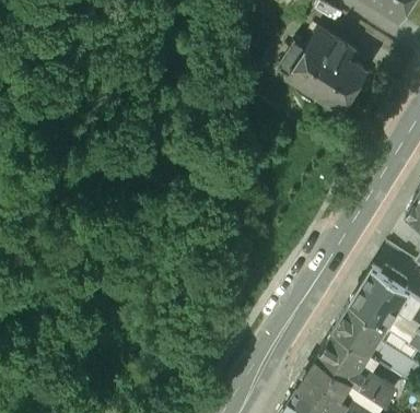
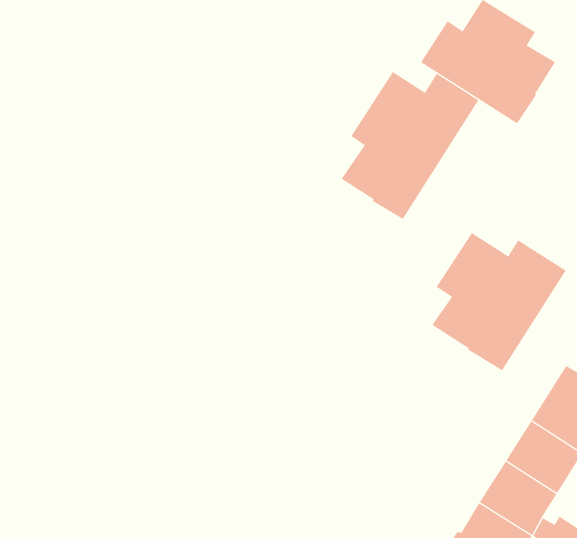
building: none -> [341,71,479,220]
building: none -> [432,232,566,371]

